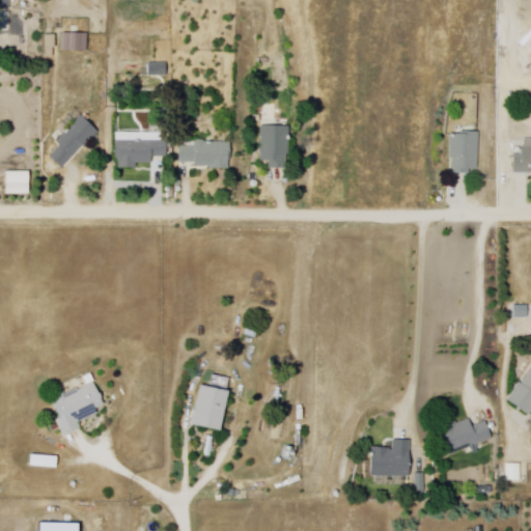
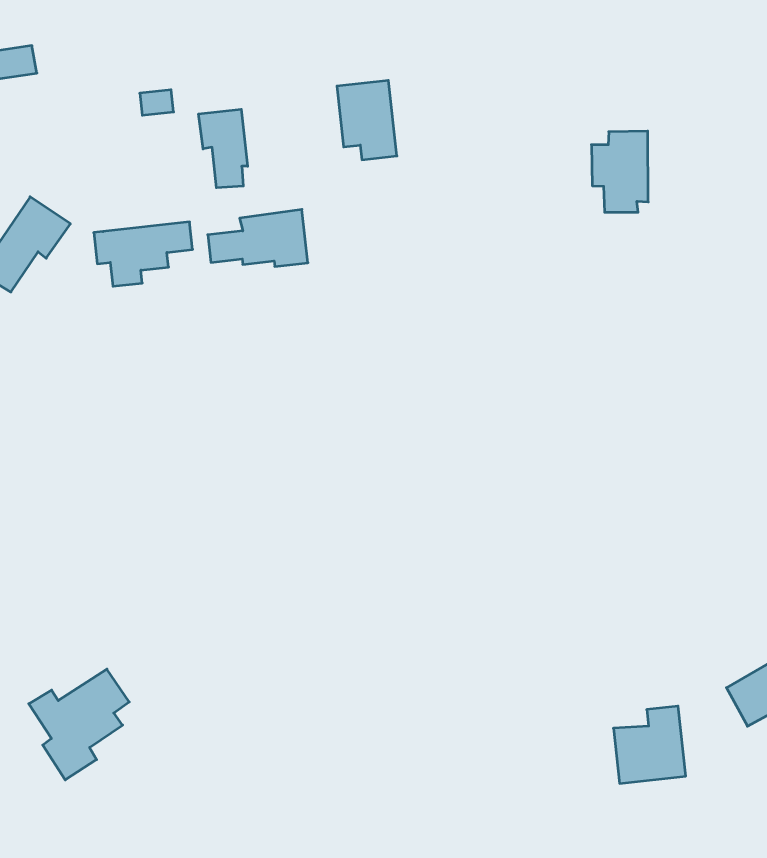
building: none -> [199,109,248,188]
building: [259,124,288,167] -> [337,80,397,160]
building: [447,128,481,174] -> [591,131,648,212]
building: [194,384,229,431] -> none

